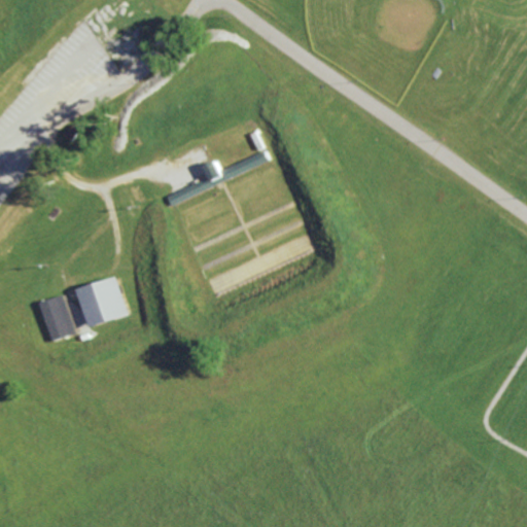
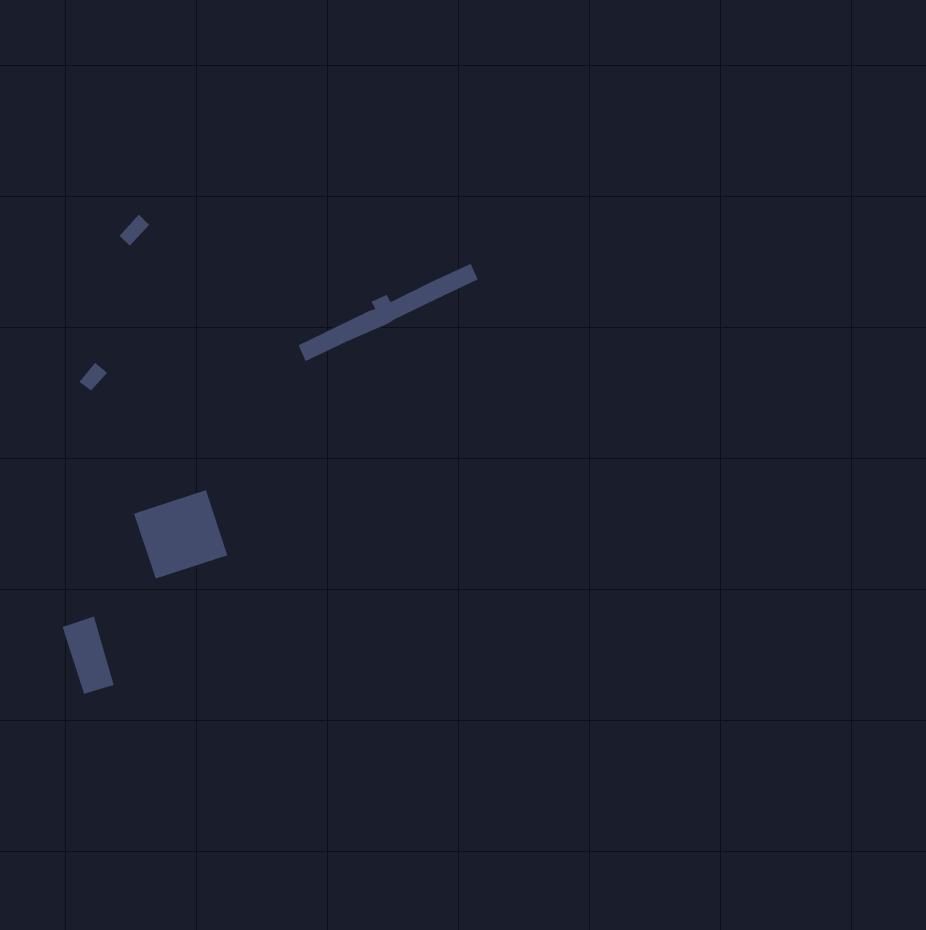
building: [40,295,70,340] -> [62,616,115,694]

